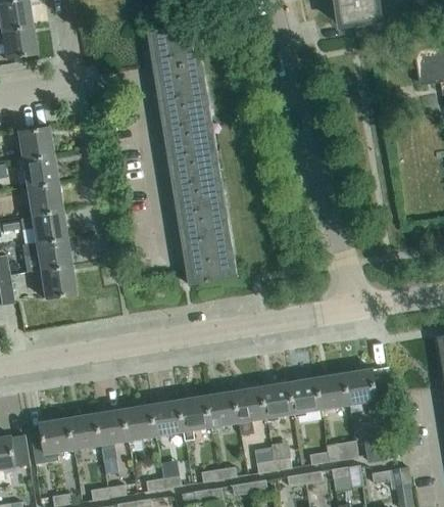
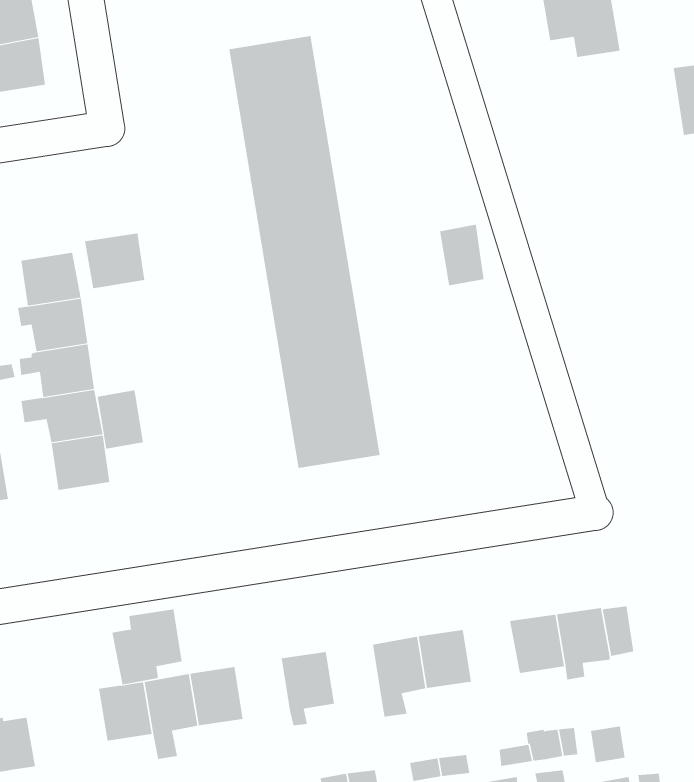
building: [16,126,53,159] -> [84,233,145,289]
building: none -> [440,224,484,286]
building: none -> [97,389,143,450]
building: [289,377,323,414] -> none
building: [206,391,239,427] -> none
building: [151,400,184,436] -> none
building: [31,418,73,464] -> [112,609,183,685]

